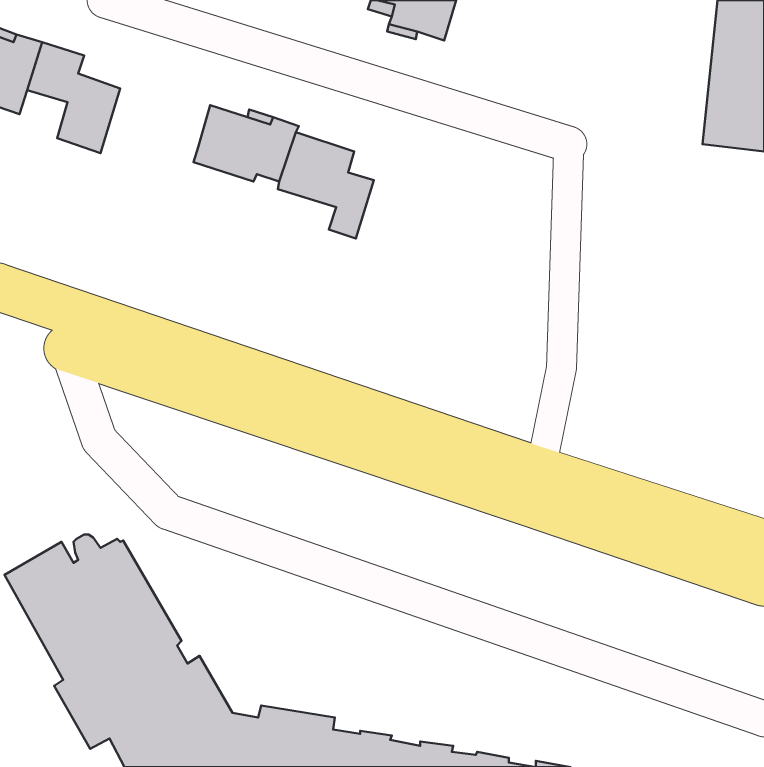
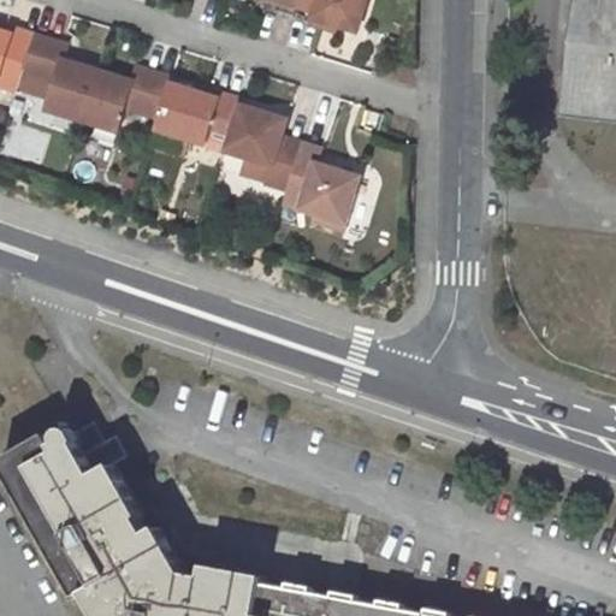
building: none -> [81,66,171,134]
building: none -> [280,144,357,232]

